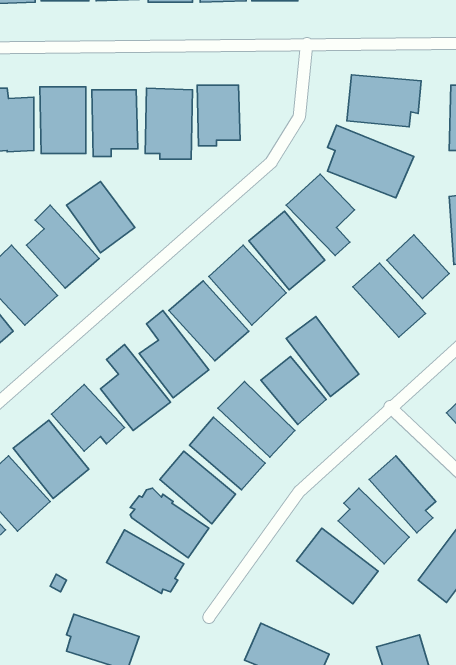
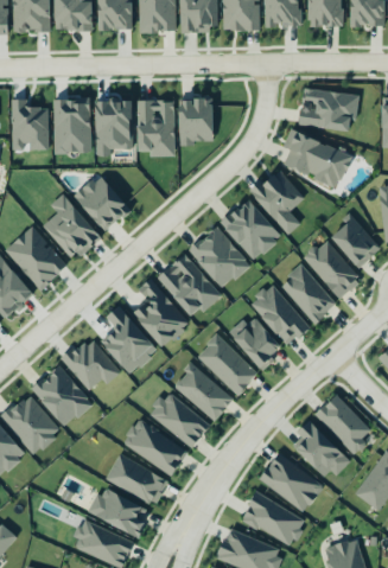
building: none -> [280,264,337,324]
building: none -> [89,487,150,536]
building: none -> [241,492,306,547]

